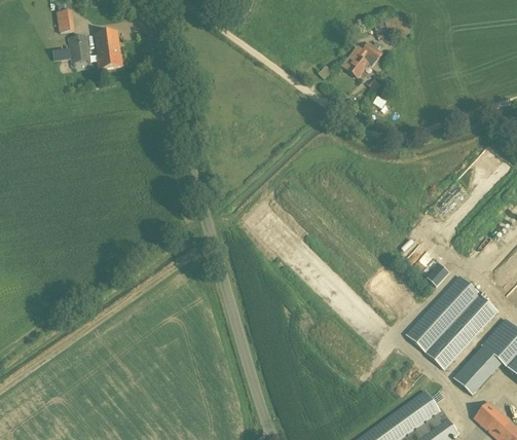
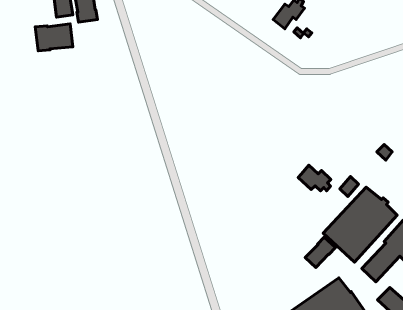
building: none -> [35,24,73,51]
building: none -> [298,165,331,191]
building: none -> [305,237,336,268]

